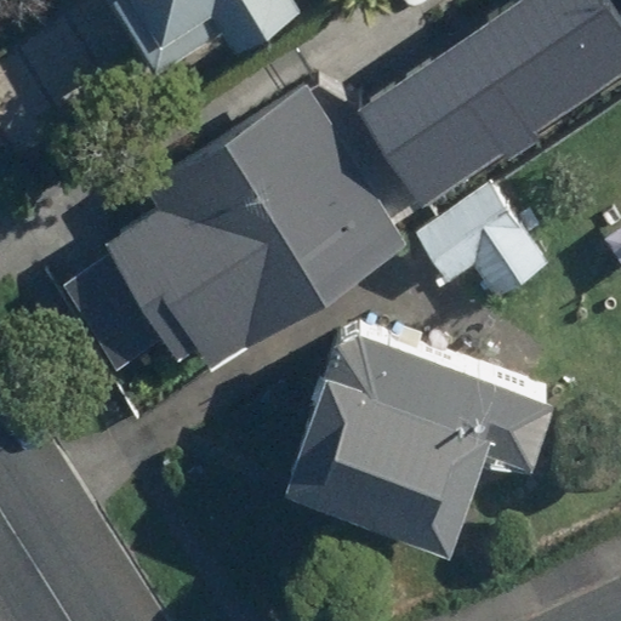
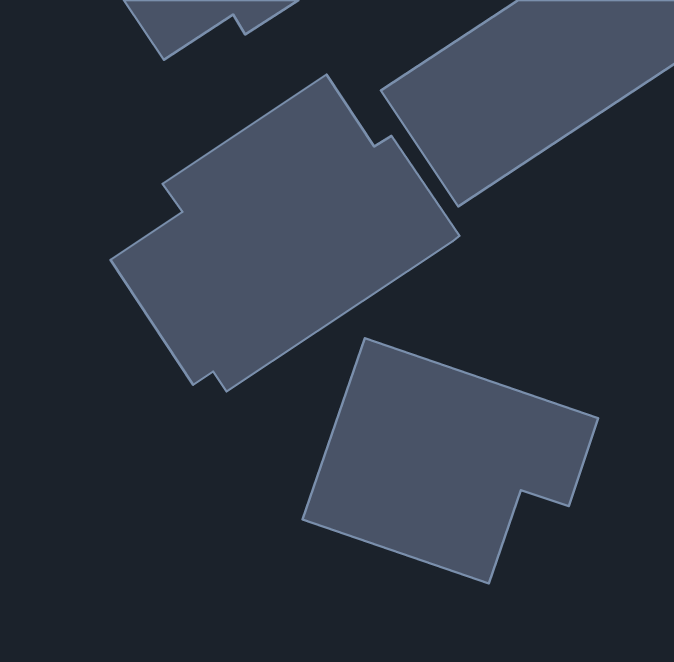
building: [420,189,557,313] -> none

